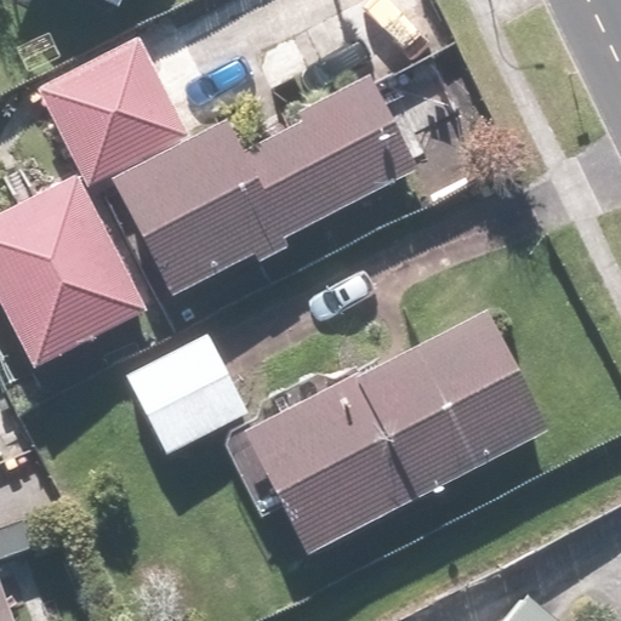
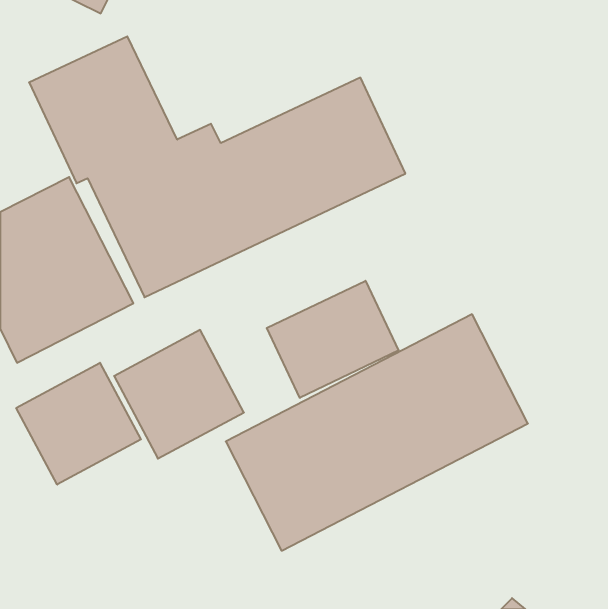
building: none -> [267,281,399,398]
building: none -> [16,363,141,485]

